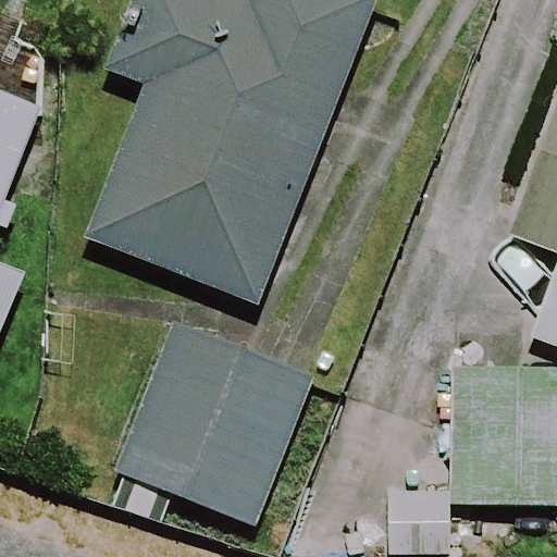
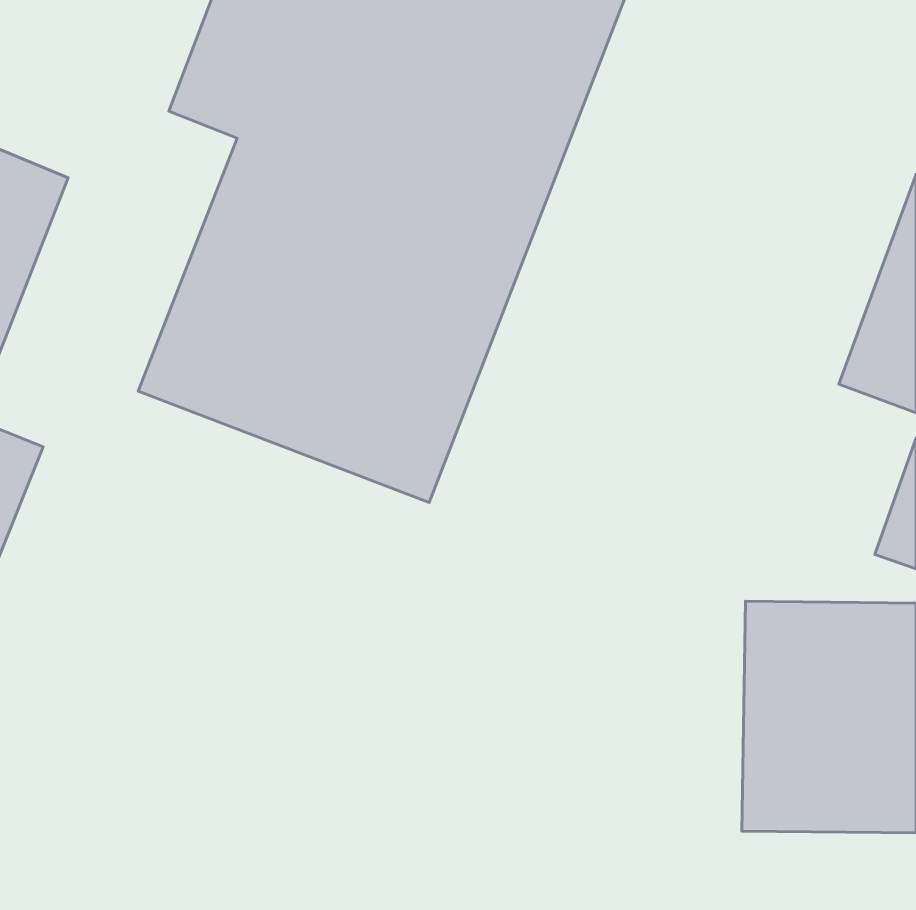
building: [115,320,313,525] -> none

